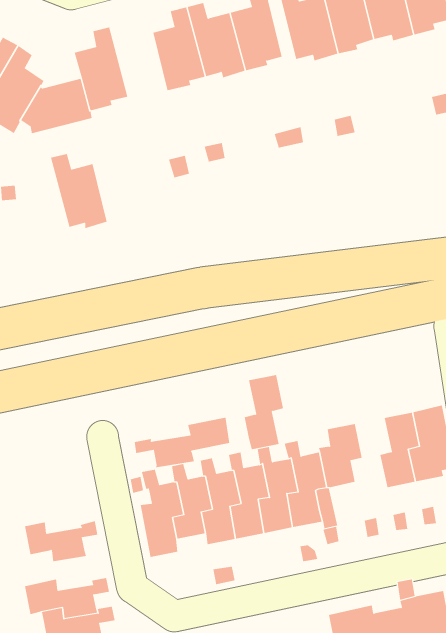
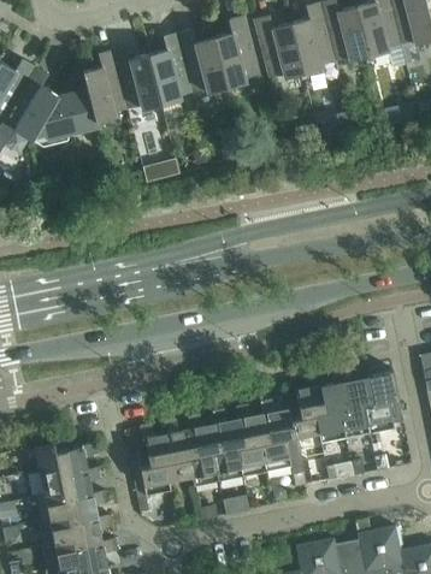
building: [50,153,107,229] -> [112,47,160,111]
building: [244,374,284,450] -> [315,380,349,444]
building: [134,417,230,468] -> none
building: none -> [35,440,98,478]
building: none -> [35,491,107,526]

